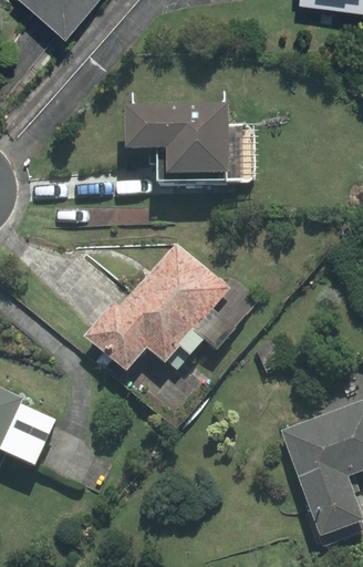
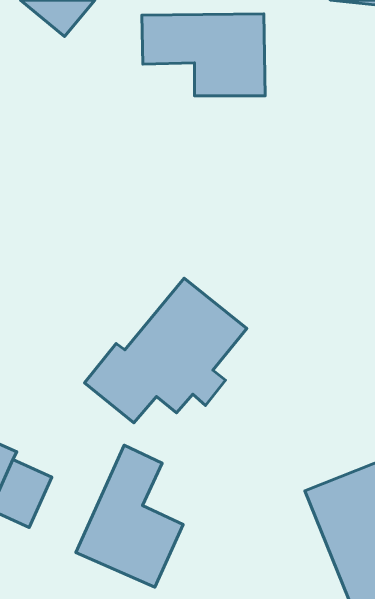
building: [125,102,234,174] -> [142,14,265,96]
building: none -> [76,445,183,587]

